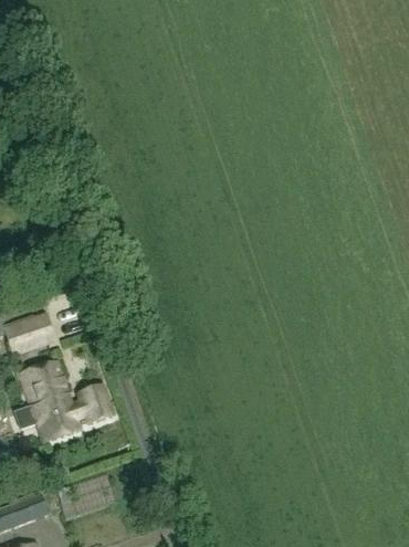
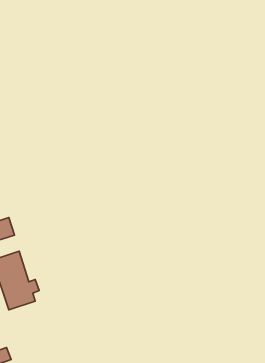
building: [78,383,112,422] -> none

